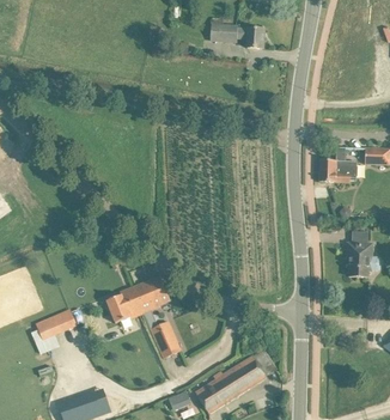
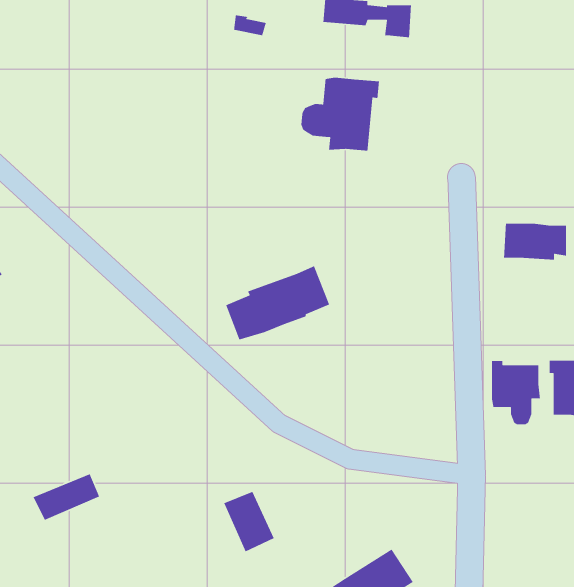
building: none -> [301,77,380,152]
building: none -> [491,360,541,425]
building: [106,276,170,322] -> [225,265,330,341]

